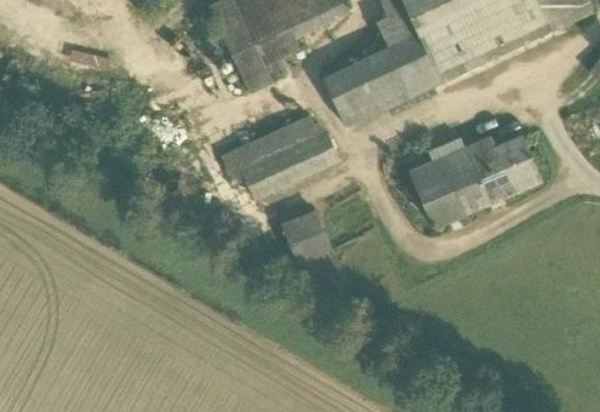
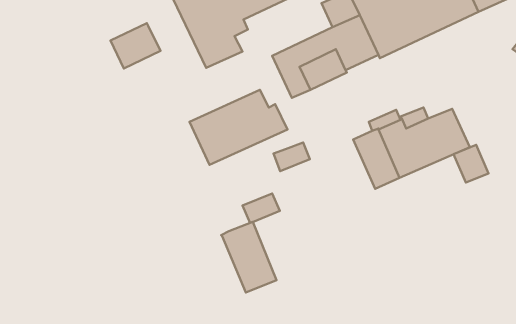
building: none -> [110,23,160,68]
building: none -> [454,145,488,183]
building: [282,211,322,242] -> [273,143,310,171]
building: none -> [221,222,276,292]

